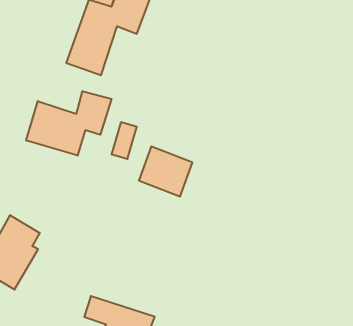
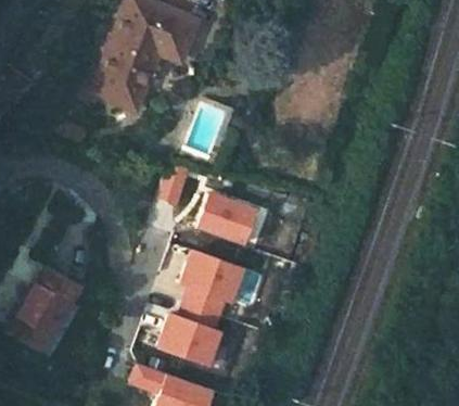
building: [26,91,112,156] -> none
building: none -> [151,250,239,369]

